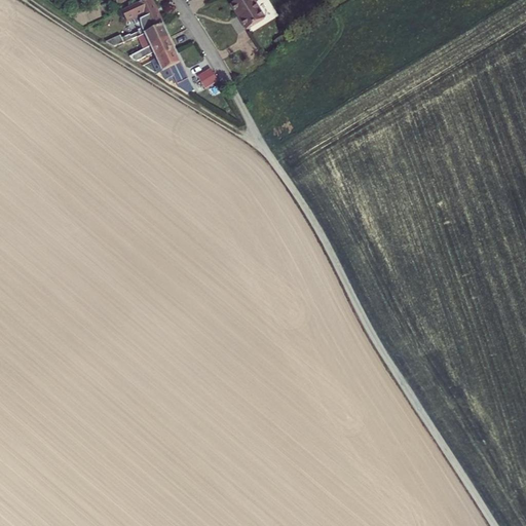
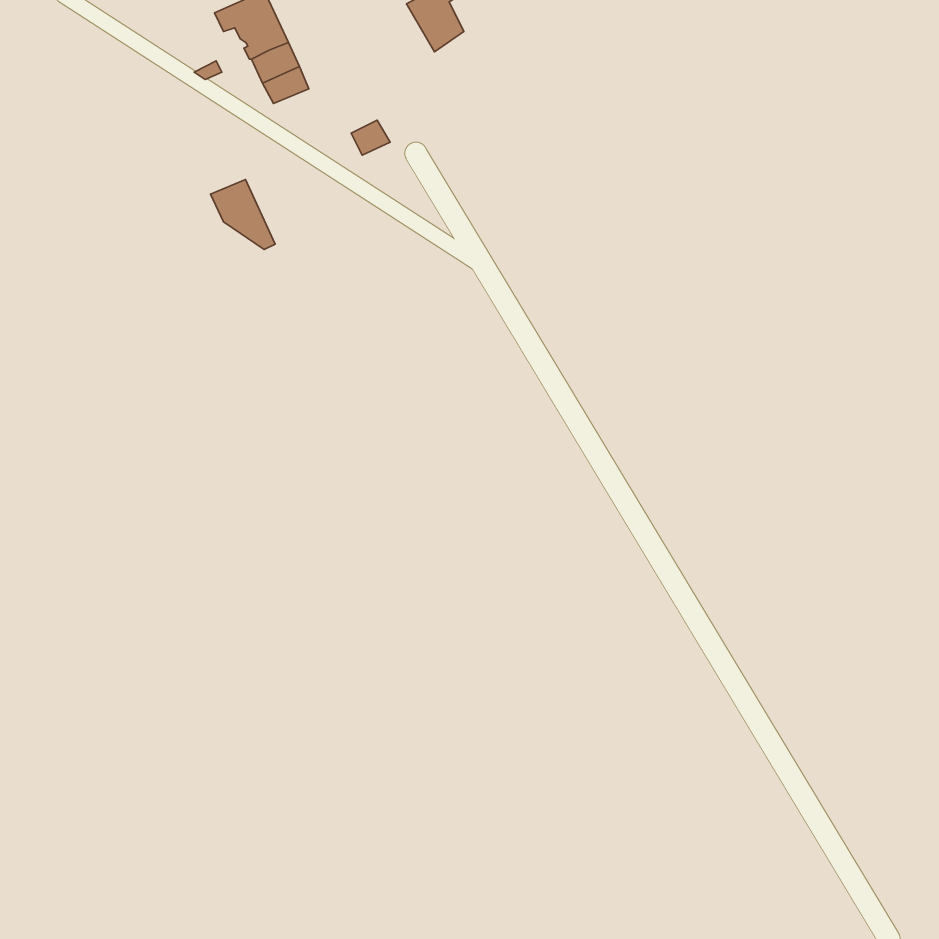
building: [155,49,191,88] -> [210,179,275,250]

